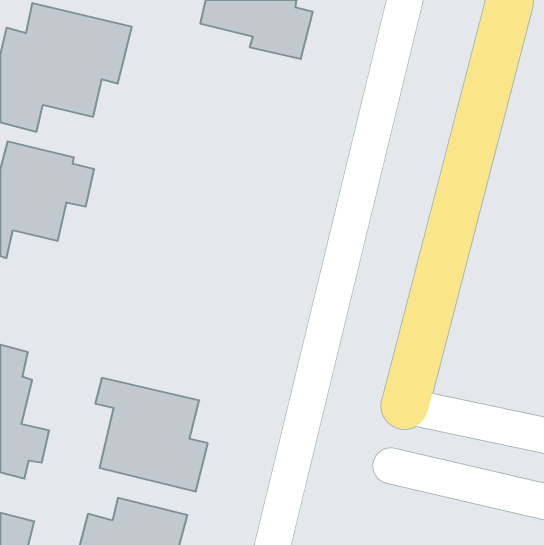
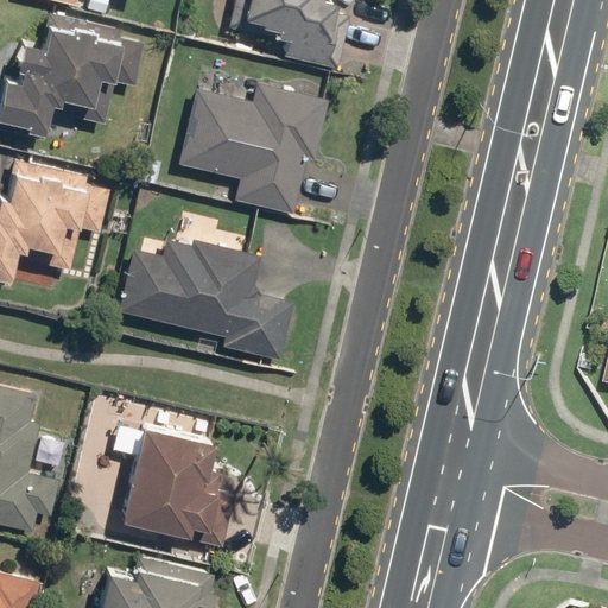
building: none -> [176,82,327,215]
building: none -> [116,240,292,360]

